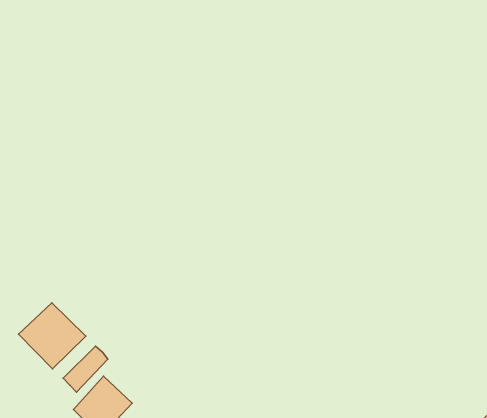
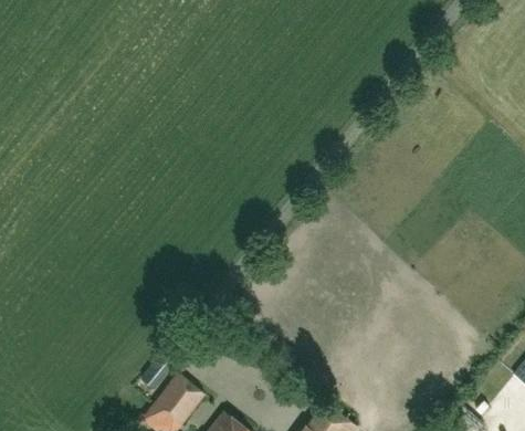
building: [18,303,86,369] -> none

